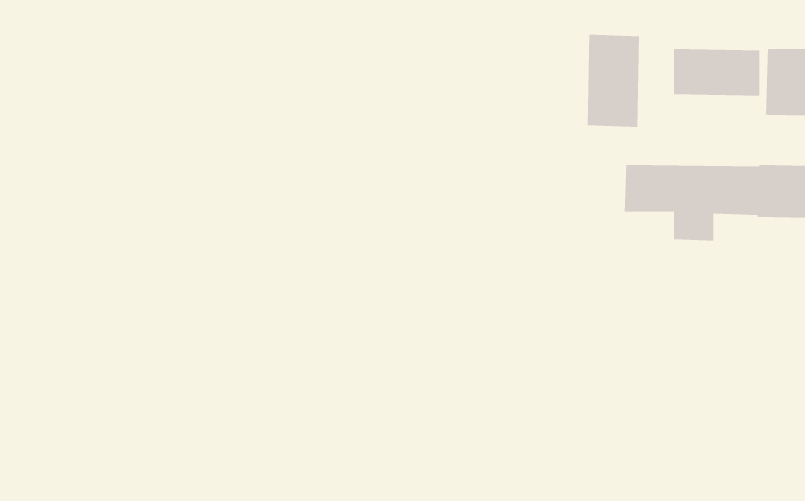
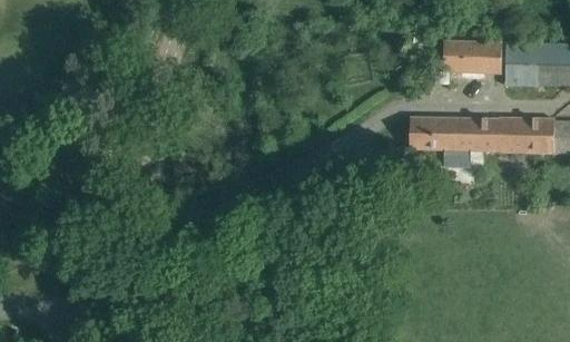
building: [587,34,640,128] -> none

